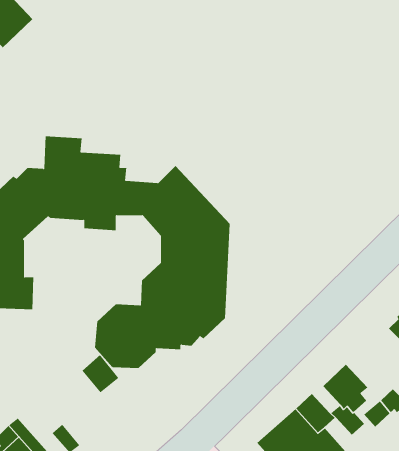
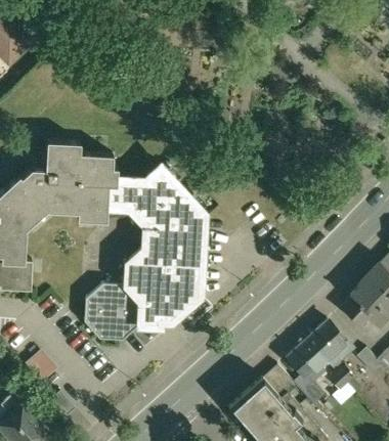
building: none -> [306,321,347,361]
building: [81,354,119,393] -> [26,350,58,384]

